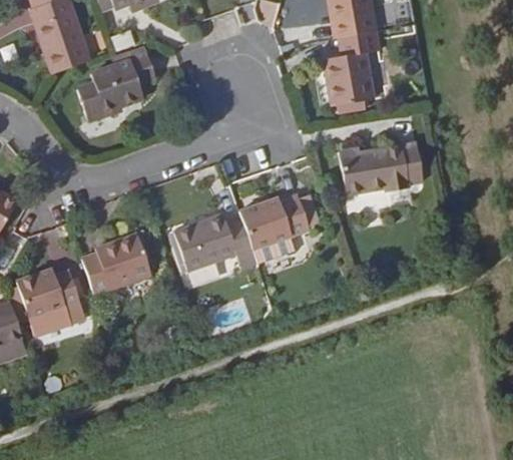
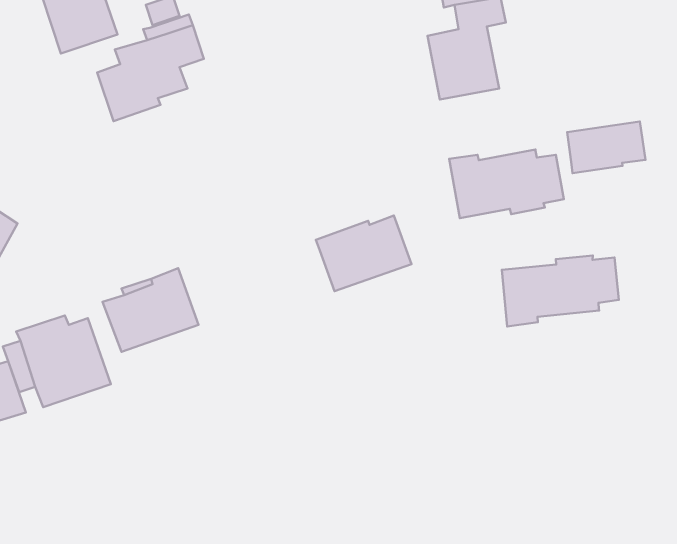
building: none -> [567,121,645,173]
building: [173,213,252,273] -> none
building: none -> [502,256,619,326]

